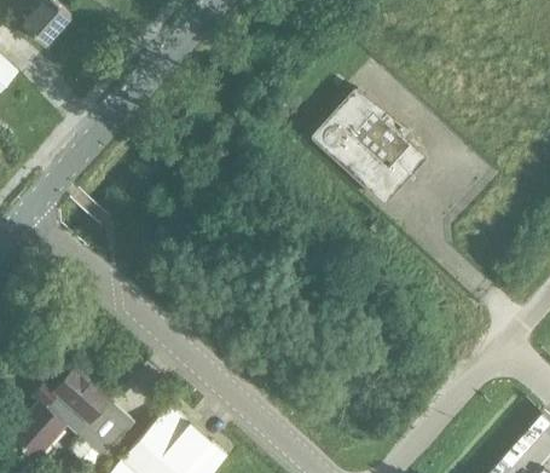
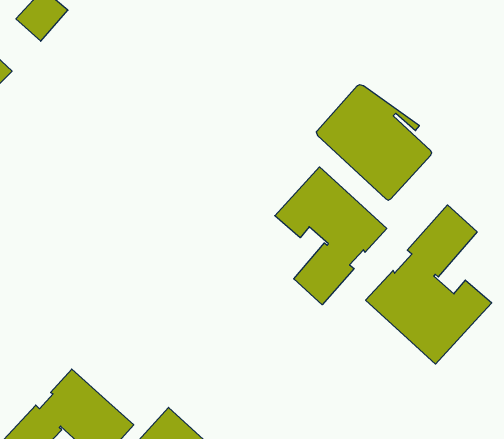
building: none -> [275,167,387,305]
building: none -> [366,205,492,364]

